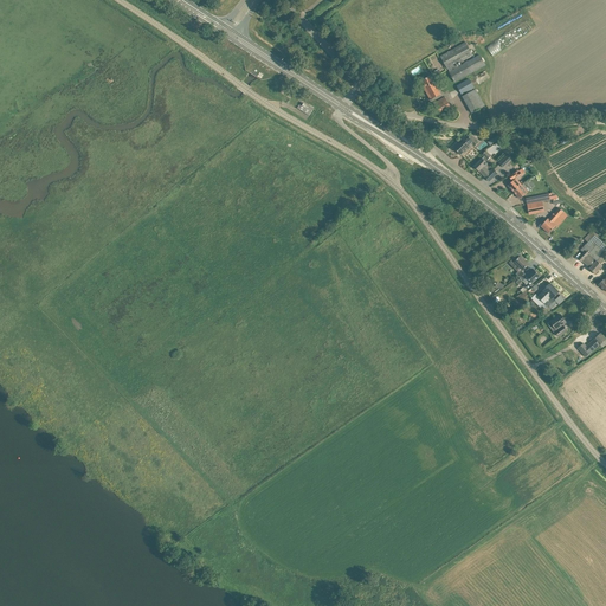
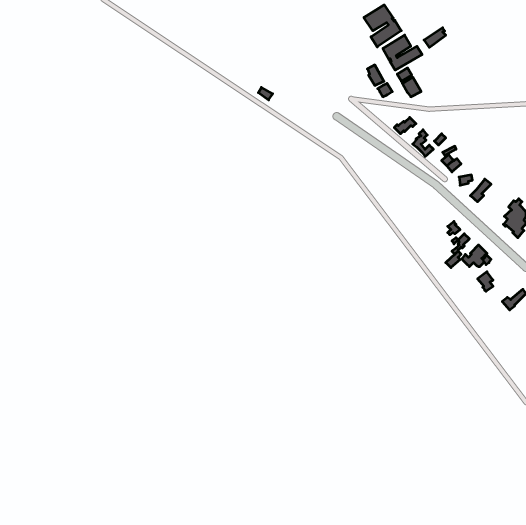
building: none -> [364,5,401,47]

